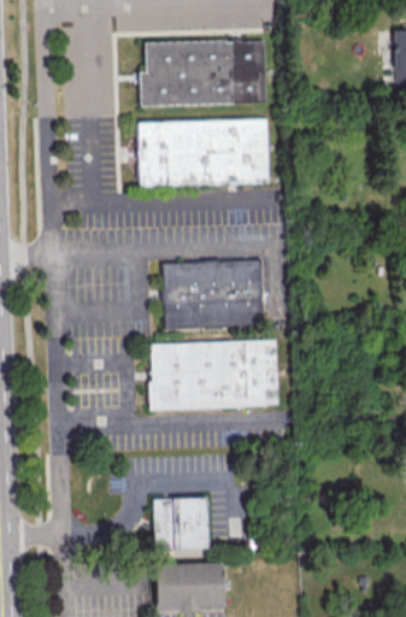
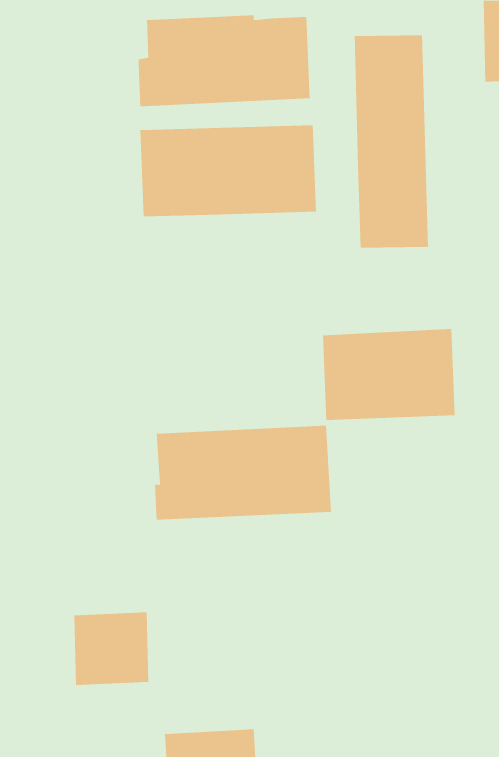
building: none -> [354,34,429,248]
building: [165,260,263,328] -> [322,329,455,420]
building: [154,496,210,551] -> [74,612,149,686]

